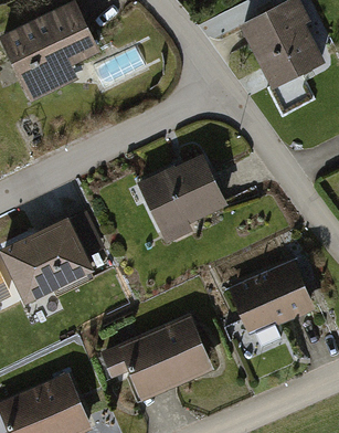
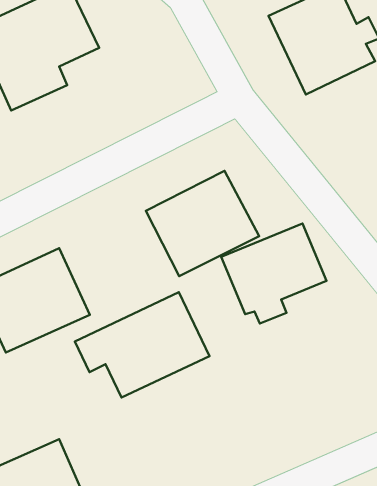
building: [227,263,315,346] -> [221,223,327,324]
building: [102,316,213,403] -> [75,292,209,398]

